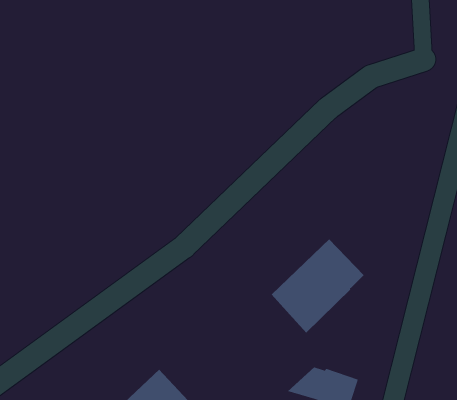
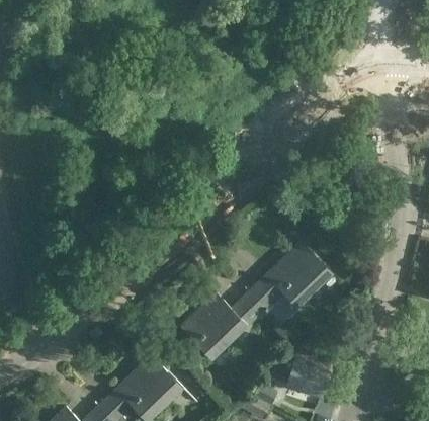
building: none -> [179,291,269,361]

